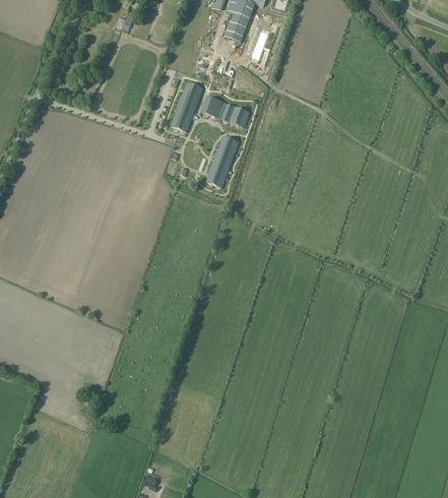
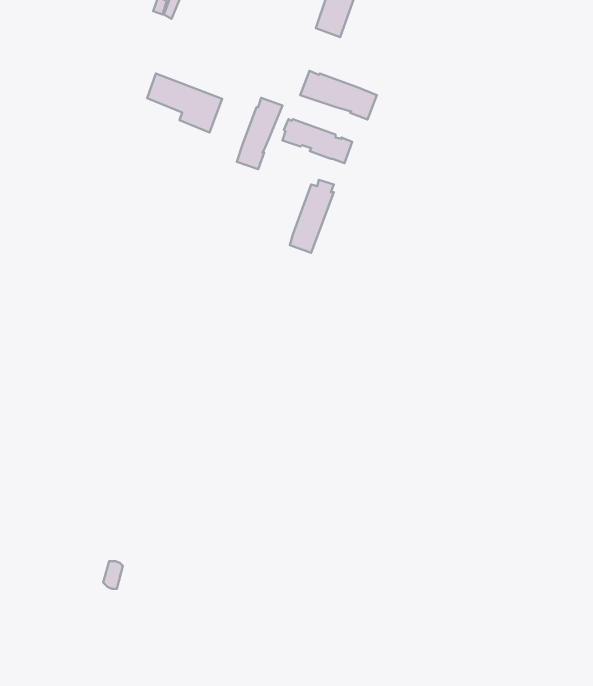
building: none -> [300,71,377,119]
building: none -> [147,74,222,132]

